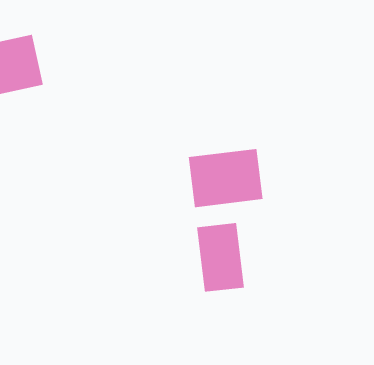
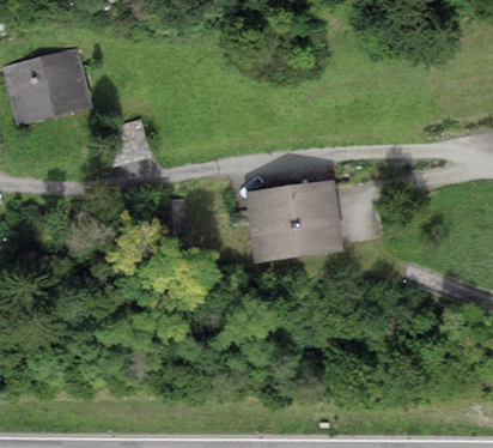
building: [196,222,245,293] -> none

